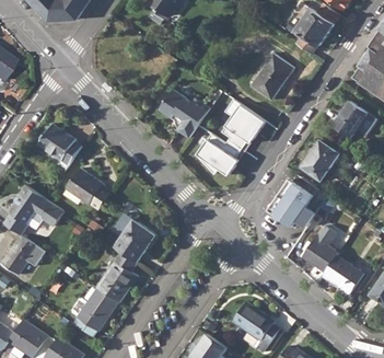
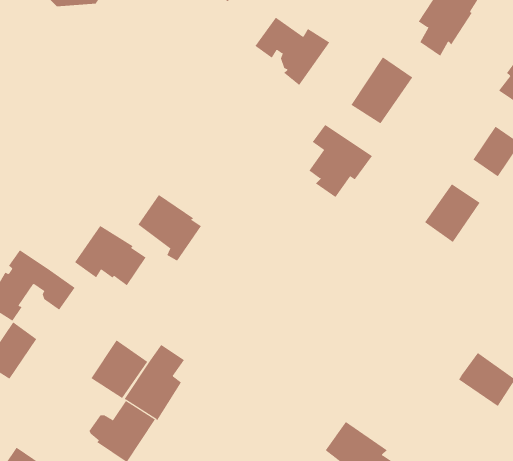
building: [160,90,211,137] -> [255,17,330,86]
building: [38,124,82,170] -> [137,194,202,261]
building: [197,132,241,175] -> none
building: [268,174,328,228] -> none
building: [116,220,155,261] -> [90,339,148,399]
building: [303,226,338,270] -> none

